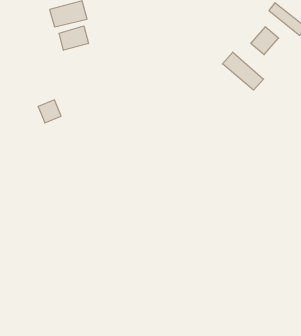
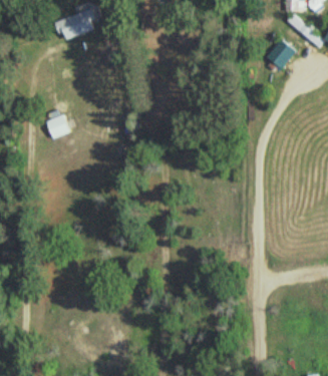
building: [59,26,88,50] -> none
building: [222,52,264,90] -> none

